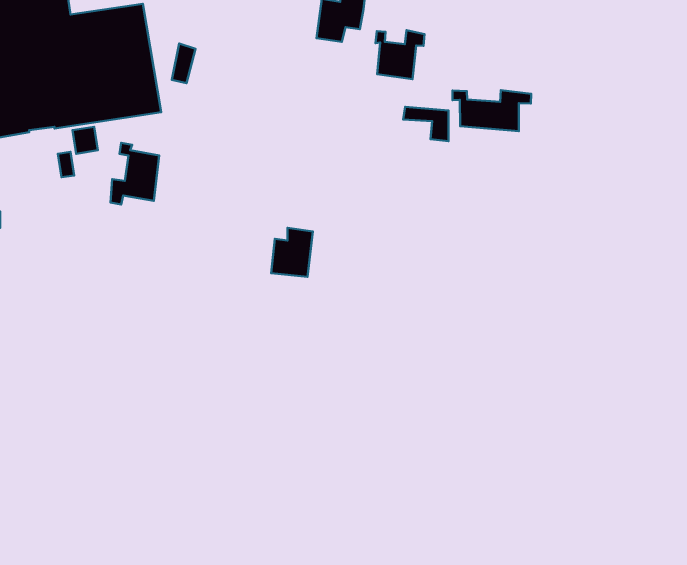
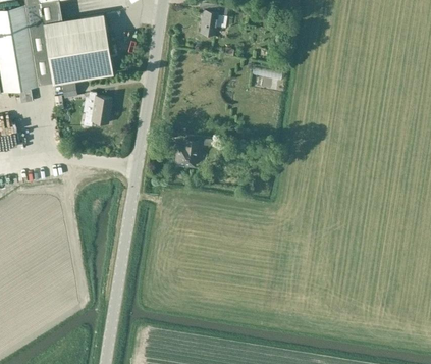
building: [376,30,425,79] -> none
building: [452,90,531,131] -> none

